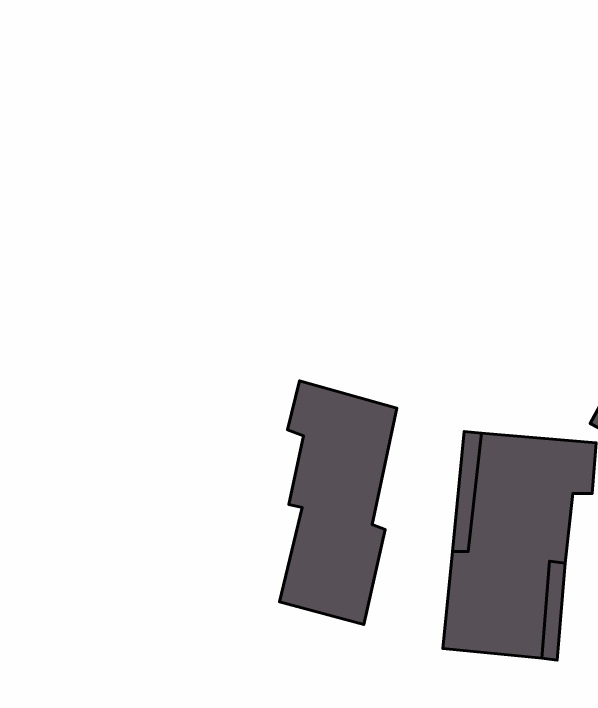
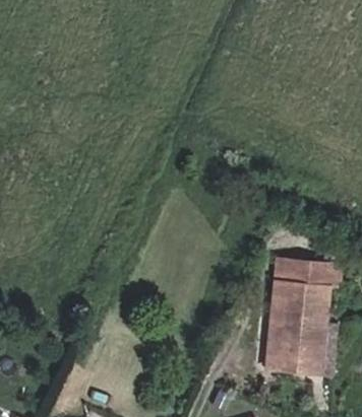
building: [279,381,397,624] -> none

